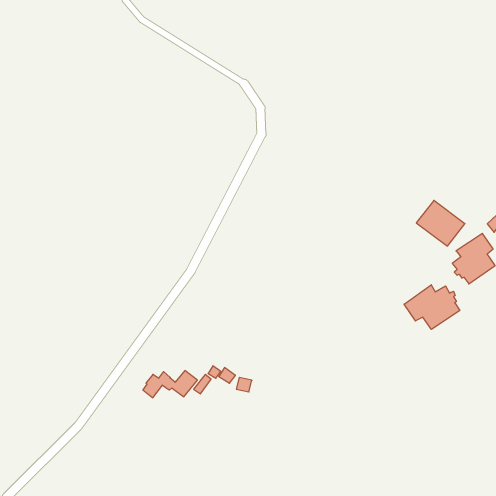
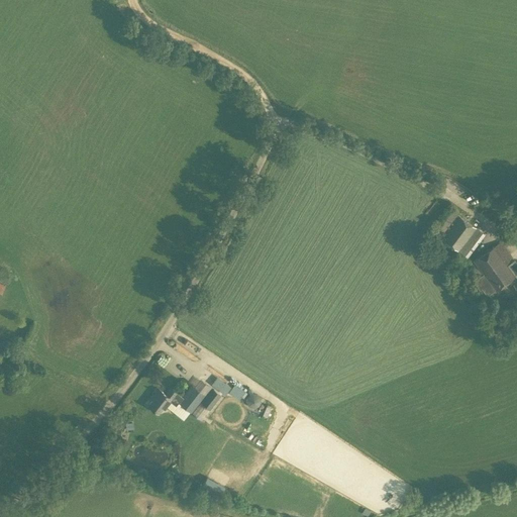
building: [404,285,460,329] -> none

